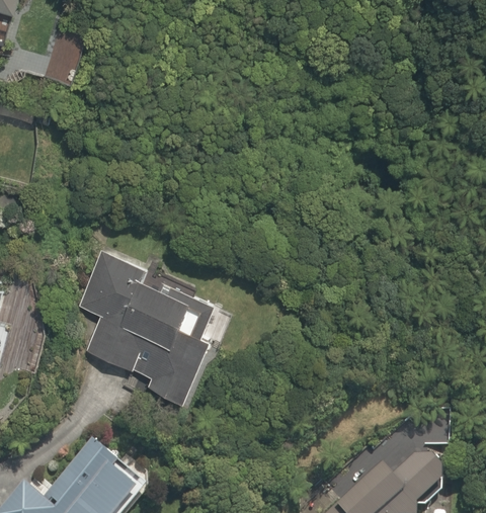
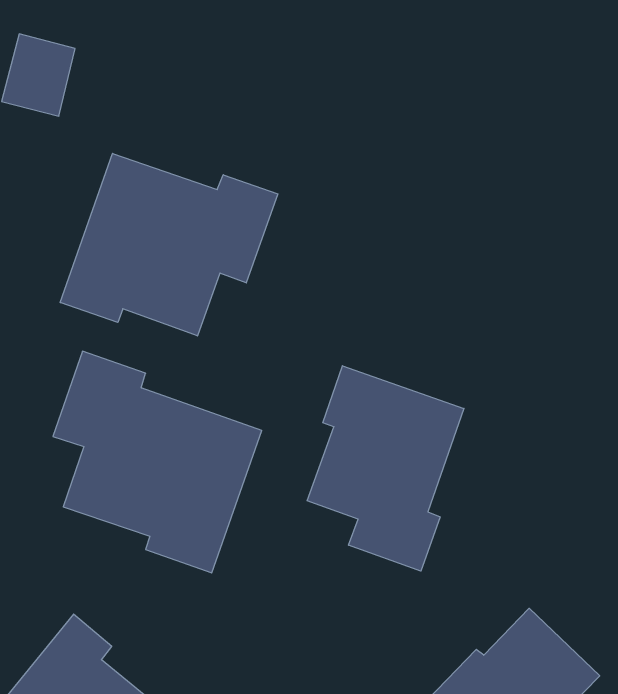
building: none -> [60,153,278,336]
building: none -> [307,366,464,571]

